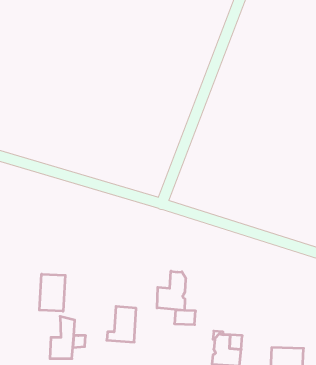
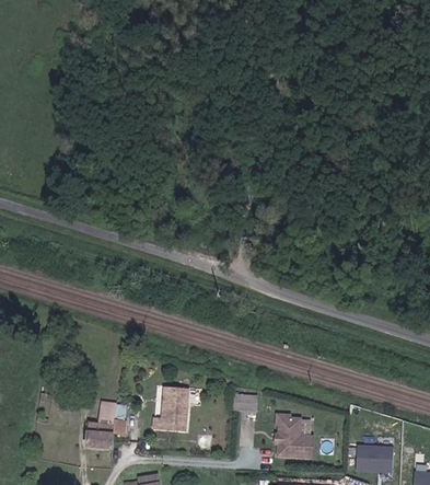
building: [157,271,186,310] -> none
building: [39,274,65,311] -> none

